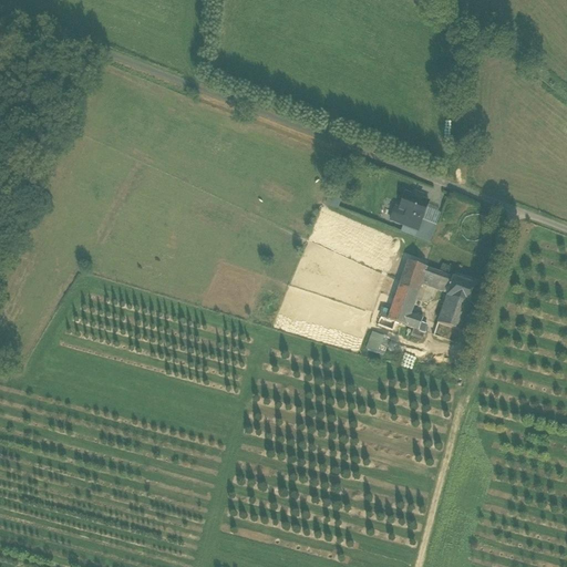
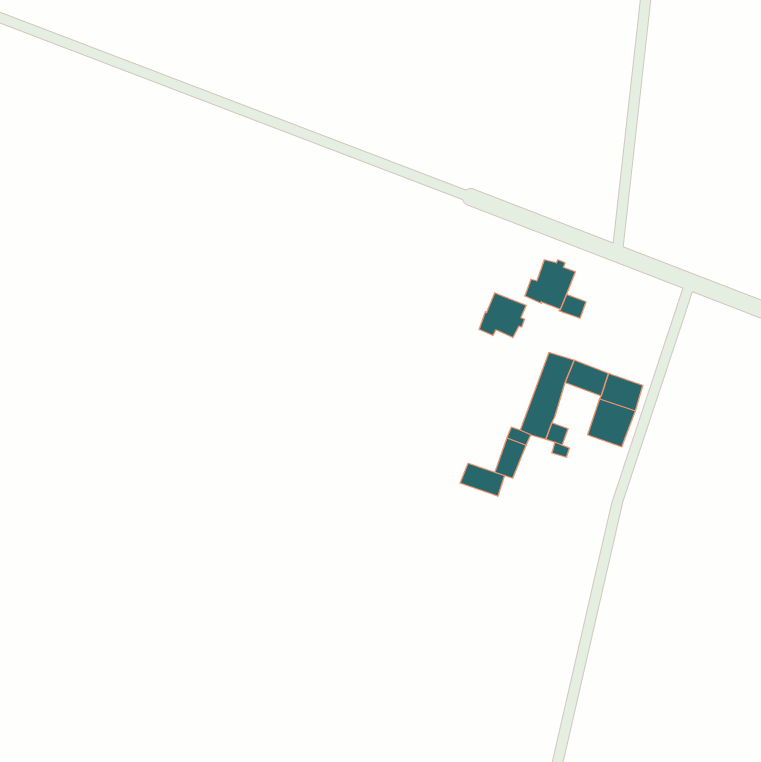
building: none -> [479,293,526,338]
building: none -> [460,463,504,496]

